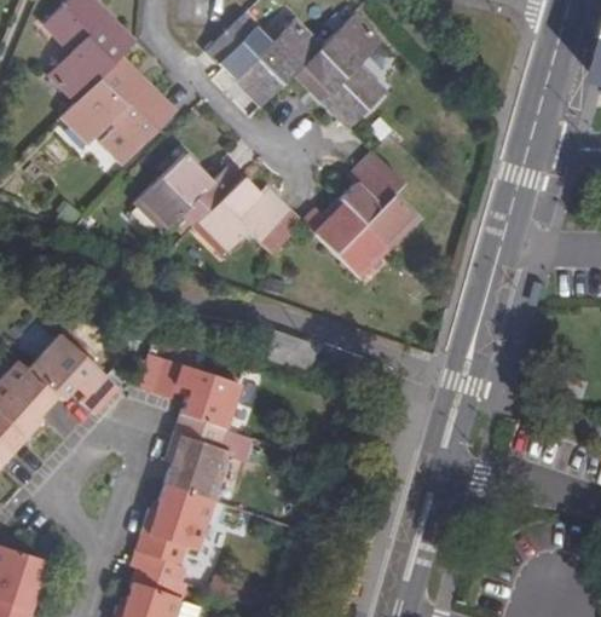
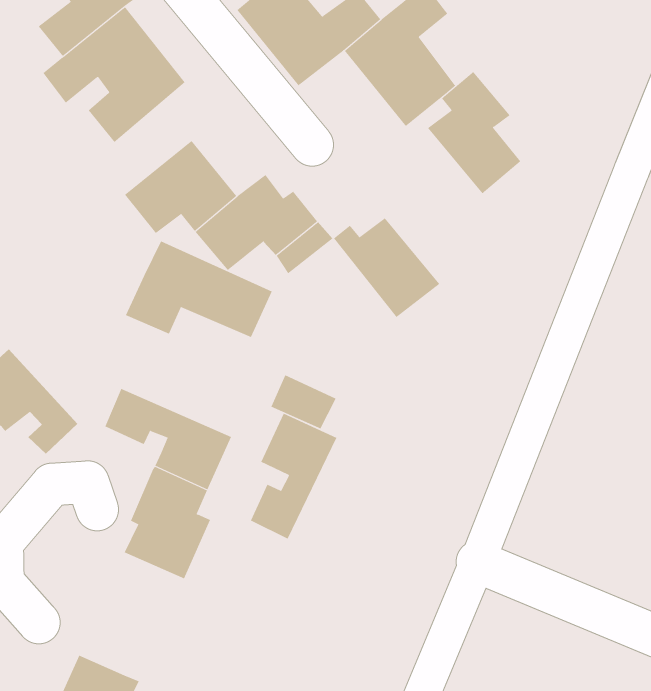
building: [341,151,417,247] -> [427,71,521,194]
building: none -> [125,241,272,338]
building: none -> [250,413,337,540]
building: [132,483,214,578] -> none

